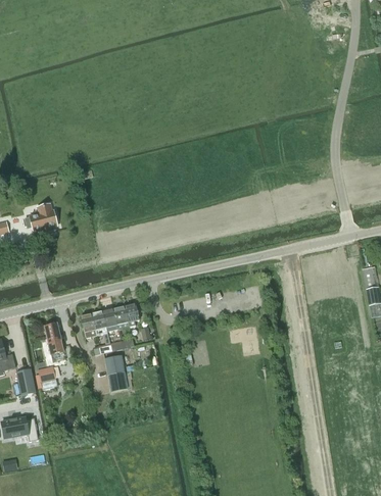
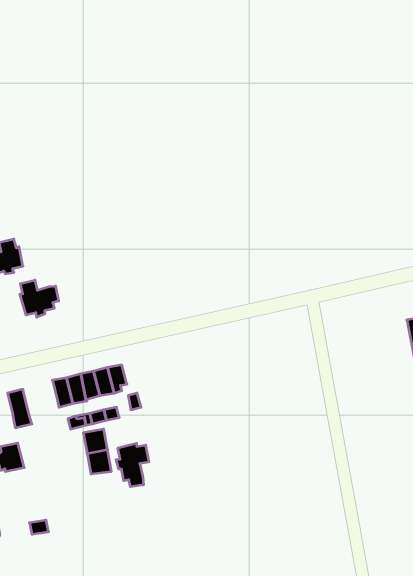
building: none -> [20,280,59,317]
building: none -> [116,443,149,487]

